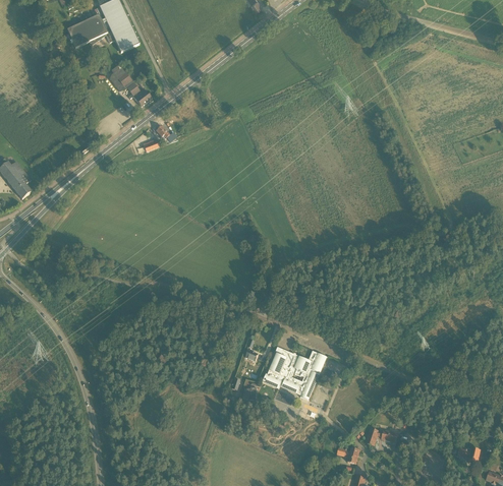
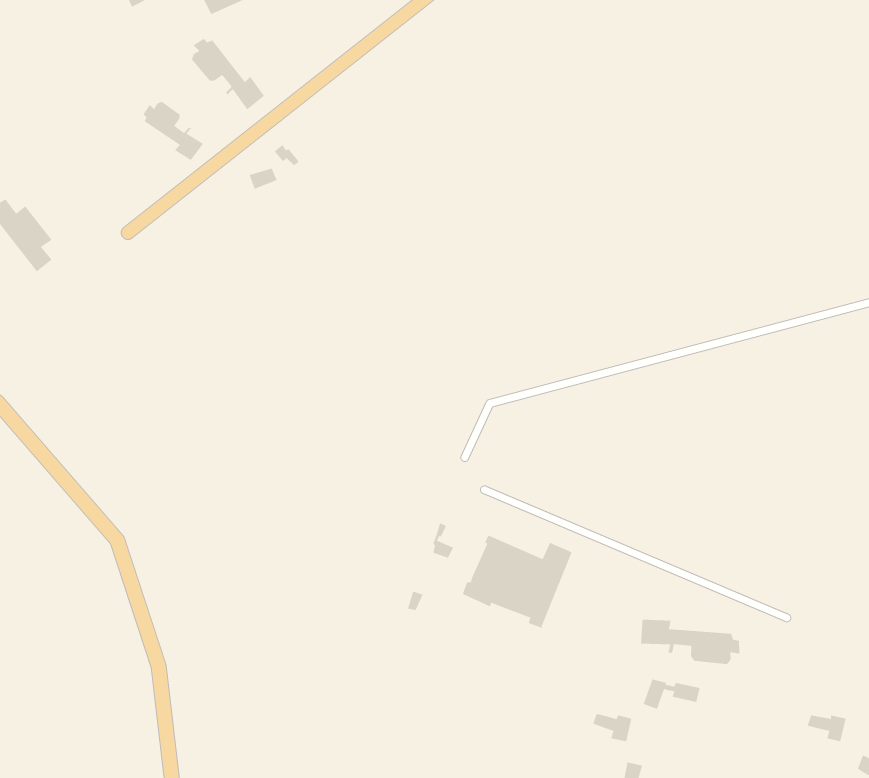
building: none -> [143,101,204,161]
building: none -> [641,619,740,665]

